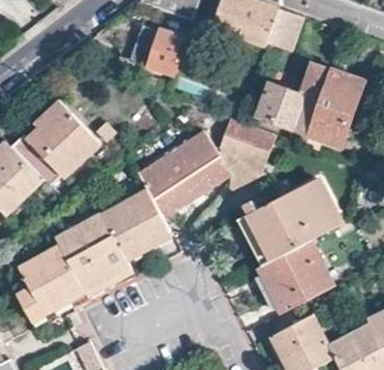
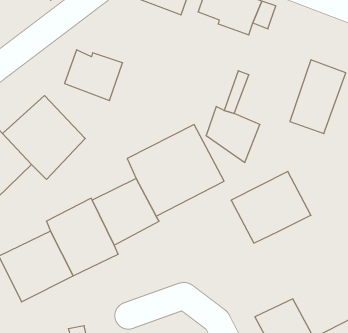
building: [129,25,189,78] -> [65,50,123,101]
building: [257,62,328,132] -> none
building: [249,246,320,314] -> none

